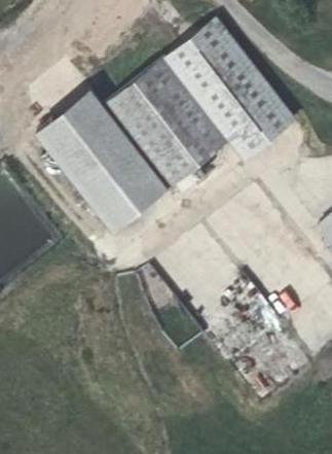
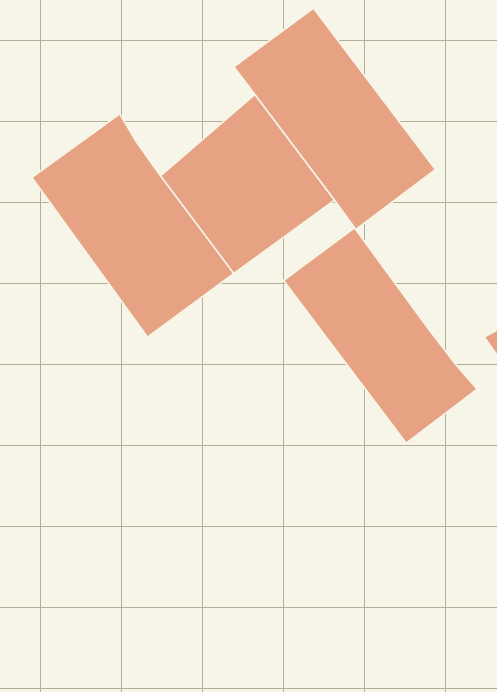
building: [104,57,179,126] -> none
building: none -> [284,228,477,443]

